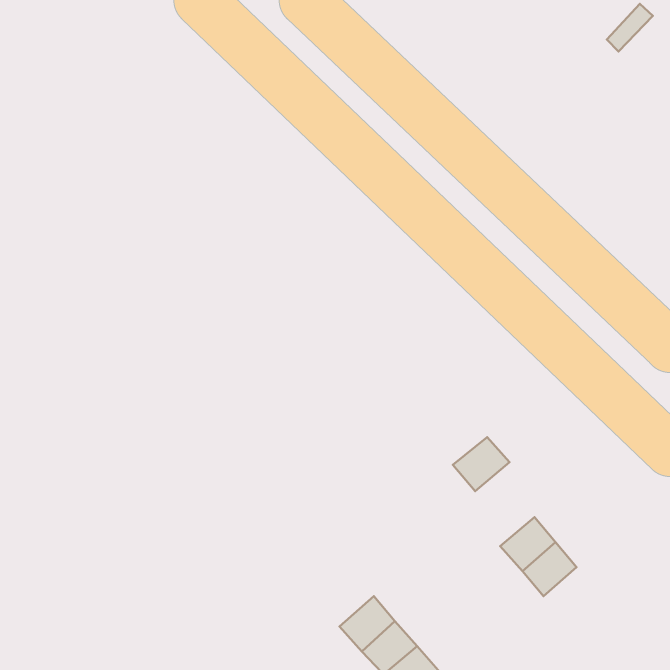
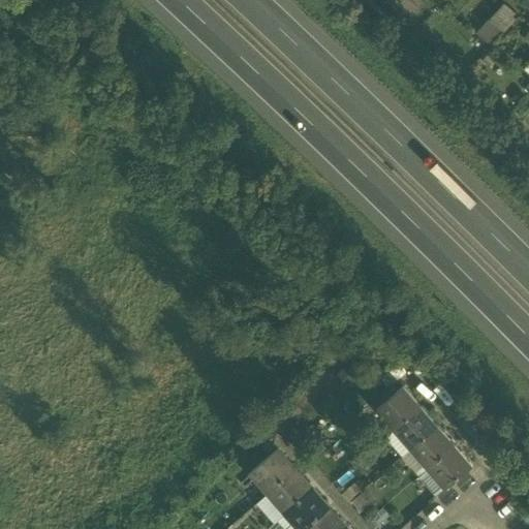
building: [453,437,509,491] -> [375,388,419,431]
building: none -> [427,447,470,490]
building: none -> [249,450,293,494]

